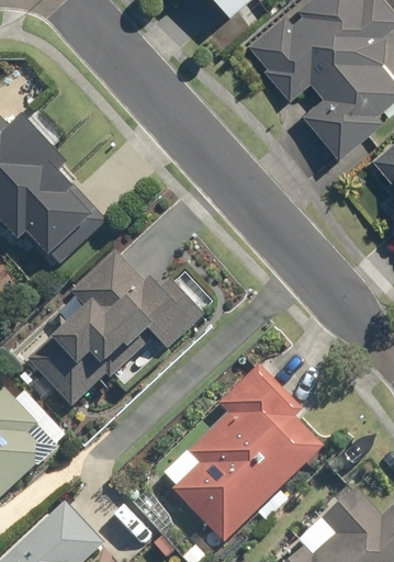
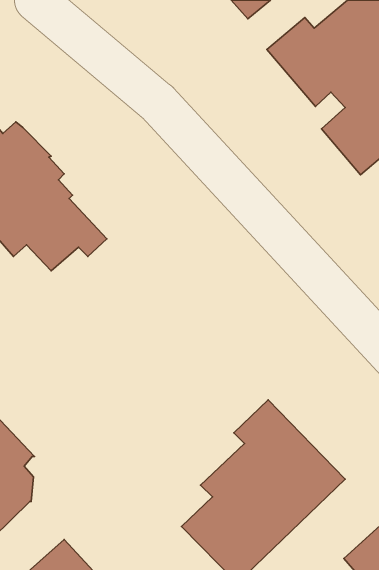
building: [21,252,205,409] -> none

